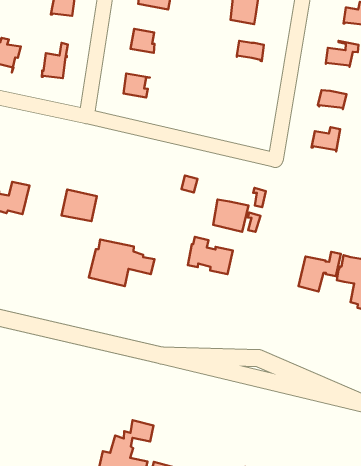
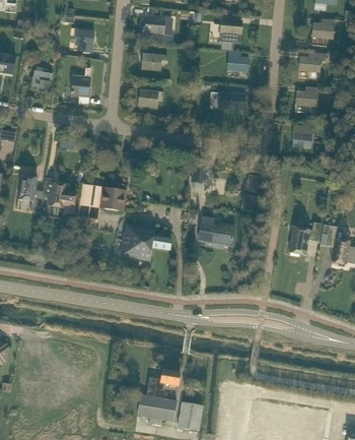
building: none -> [218,91,245,109]
building: none -> [77,183,96,216]
building: [213,200,248,232] -> none

